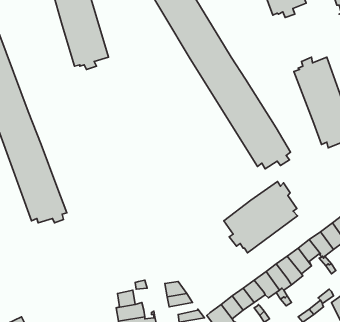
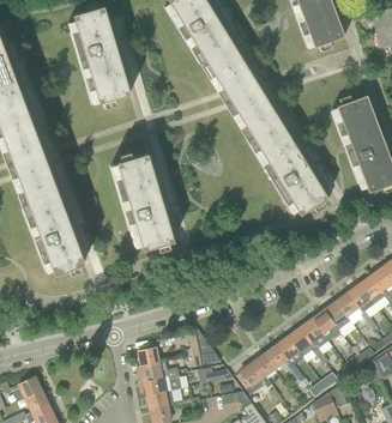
building: none -> [113,151,176,250]
building: [224,181,297,253] -> none

